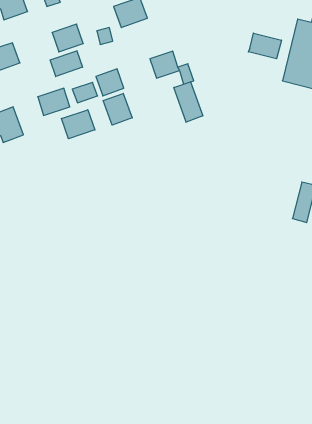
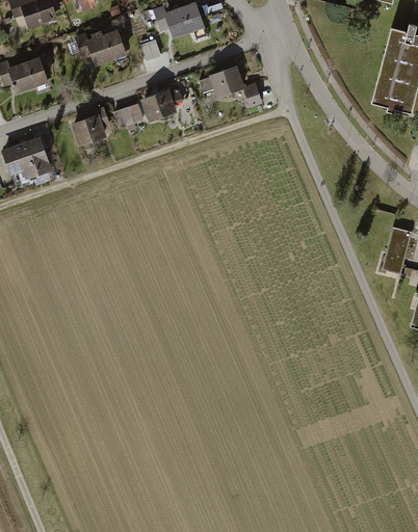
building: [248,33,281,59] -> none
building: [50,51,83,77] -> none
building: [174,82,203,122] -> none
building: [103,93,132,125] -> none
building: [61,110,95,139] -> none

